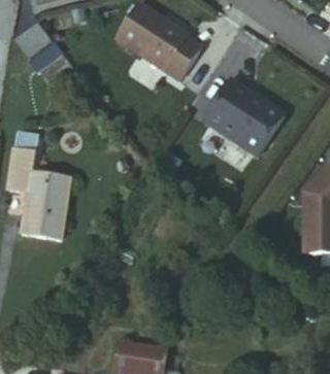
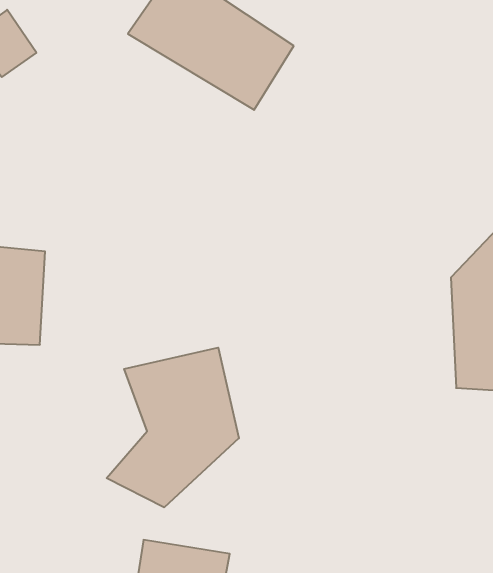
building: [203,76,284,154] -> none
building: none -> [107,348,239,507]

